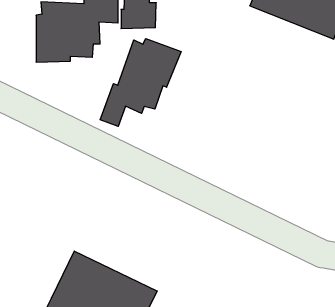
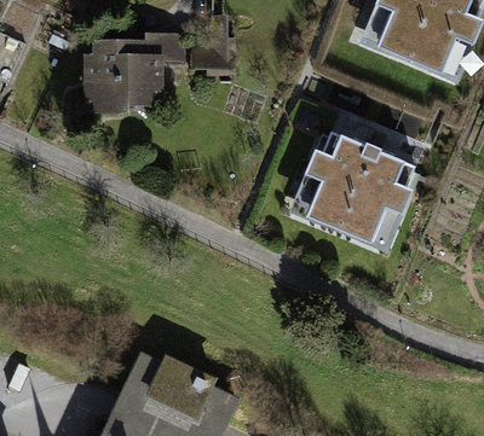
building: [100,39,181,126] -> none
building: none -> [289,130,417,251]

